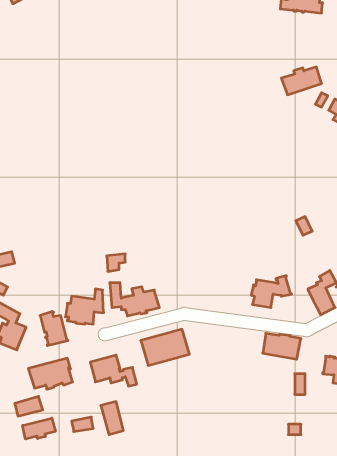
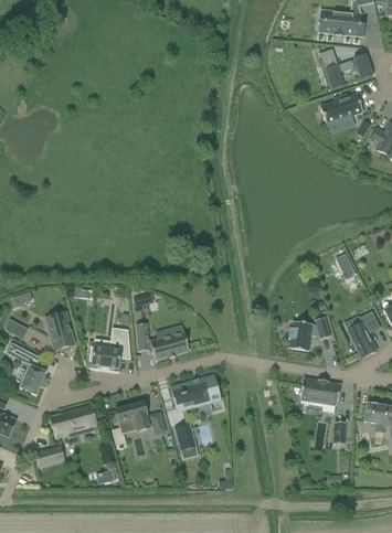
building: none -> [319,51,372,88]
building: [40,311,68,346] -> [45,312,75,349]
building: [101,402,123,435] -> [173,423,198,458]
building: [23,418,55,439] -> none

